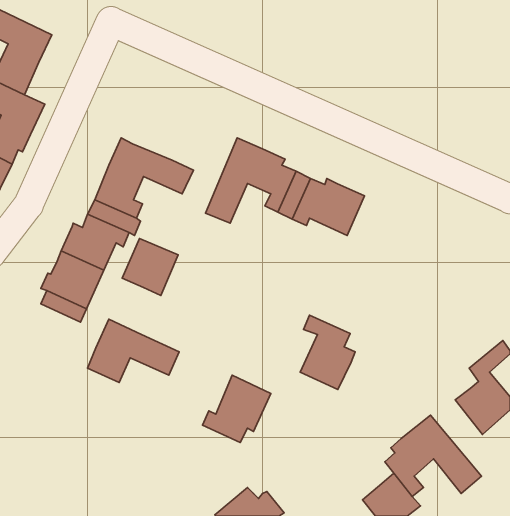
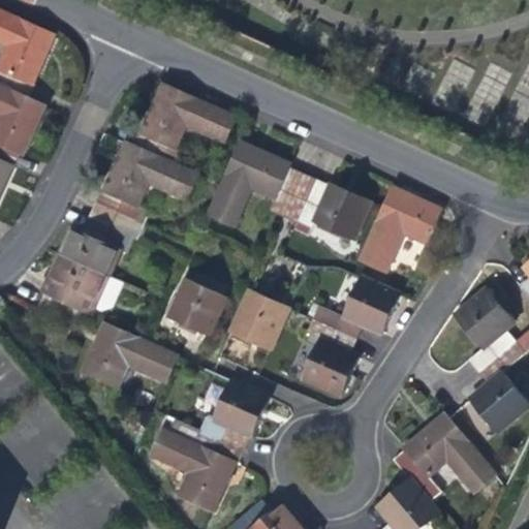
building: none -> [134,83,236,162]
building: none -> [361,188,447,275]
building: [122,239,178,296] -> [169,276,226,334]
building: none -> [314,278,402,338]
building: none -> [231,290,288,346]
building: none -> [452,294,511,373]
building: none -> [157,431,244,510]

